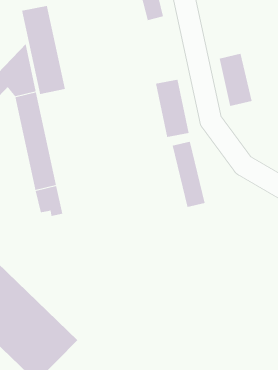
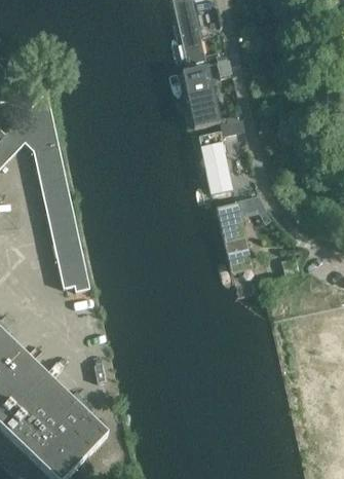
building: [21,5,65,95] -> none
building: [219,53,252,106] -> [182,66,221,127]

